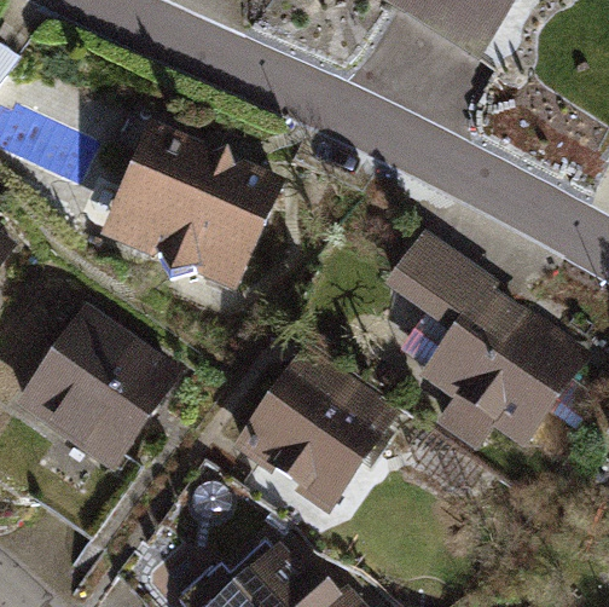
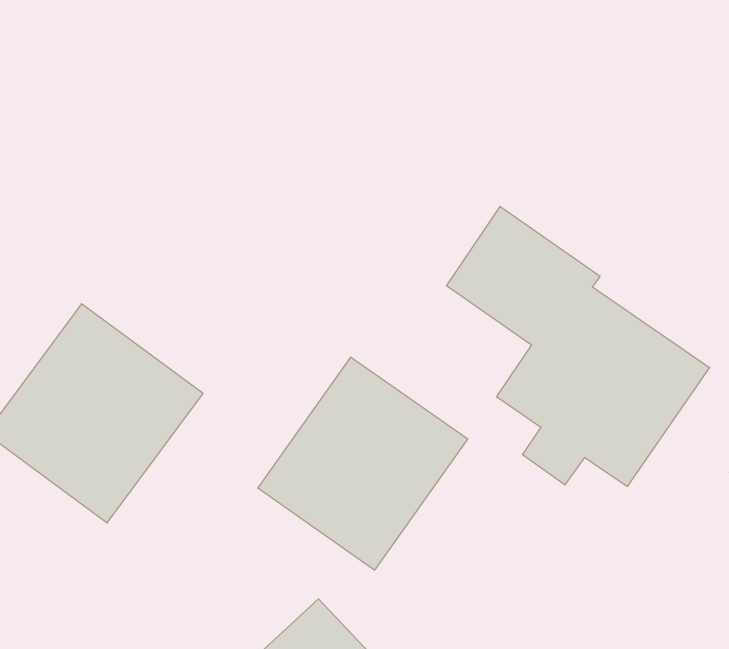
building: [97,118,282,291] -> none

